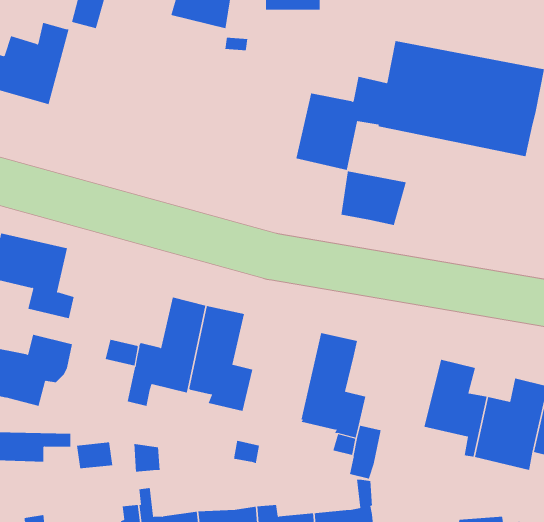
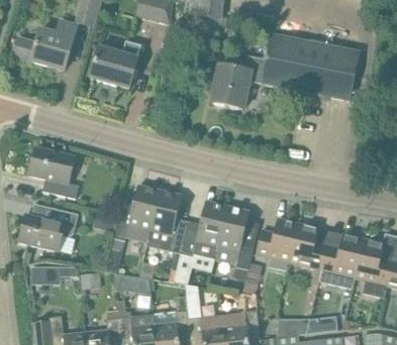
building: none -> [90,40,141,88]
building: [341,170,407,226] -> none
building: none -> [180,201,226,258]
building: none -> [256,218,298,262]

